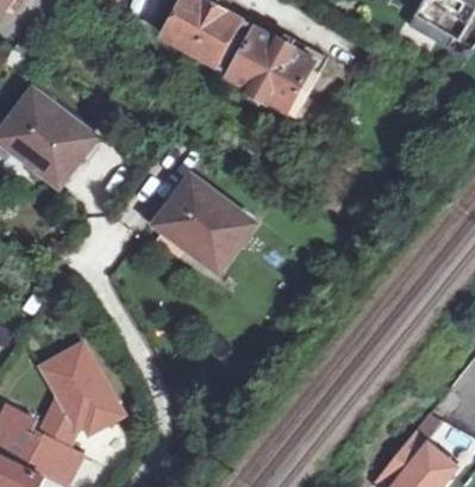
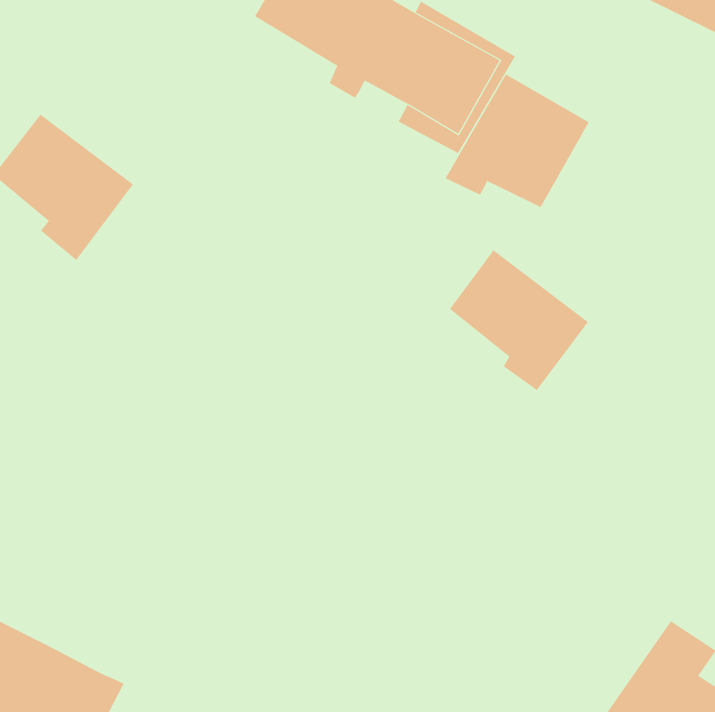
building: none -> [445,73,590,208]
building: [168,186,255,274] -> [449,249,589,391]
building: [38,339,123,443] -> none

